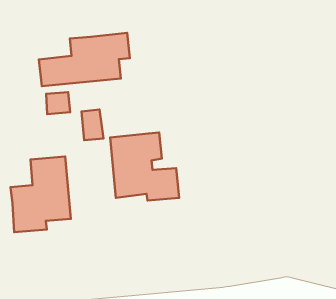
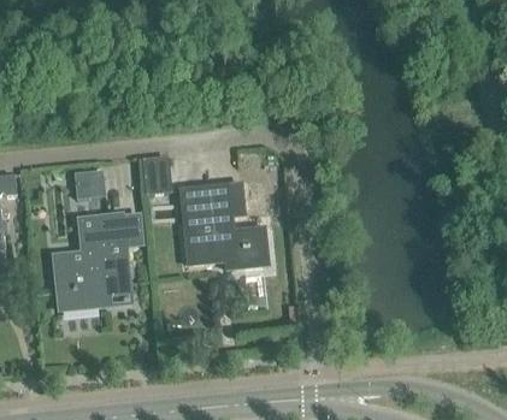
building: [39,33,130,86] -> none
building: [46,92,70,114] -> [76,168,106,196]

